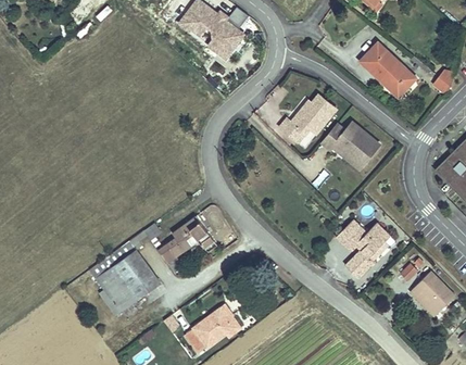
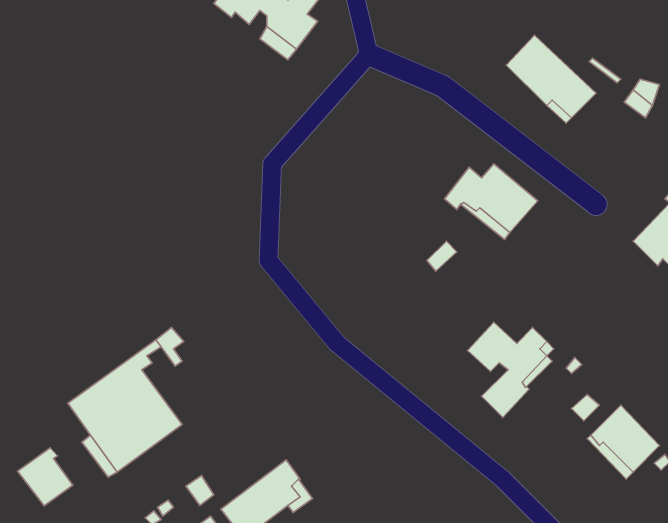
building: [280,95,337,142] -> none
building: [159,216,214,263] -> none
building: none -> [18,448,73,506]

